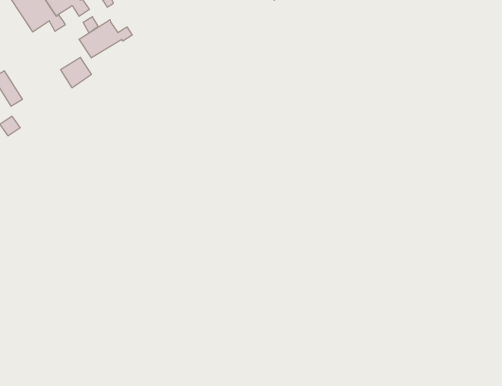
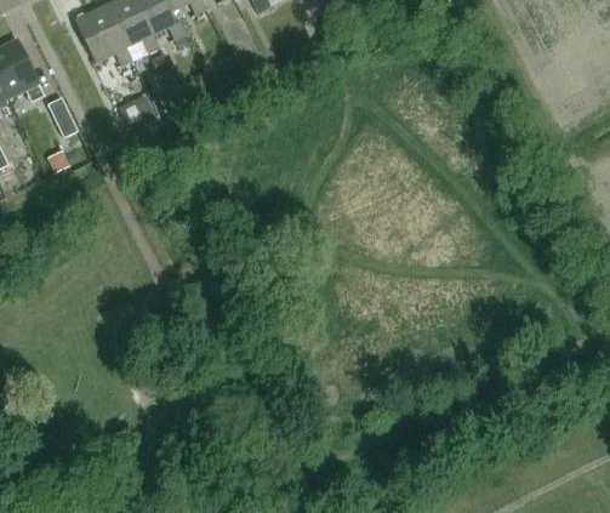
building: [79,20,132,58] -> none

